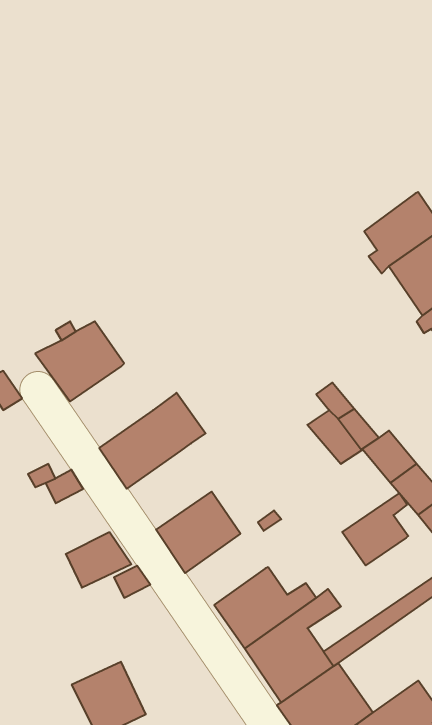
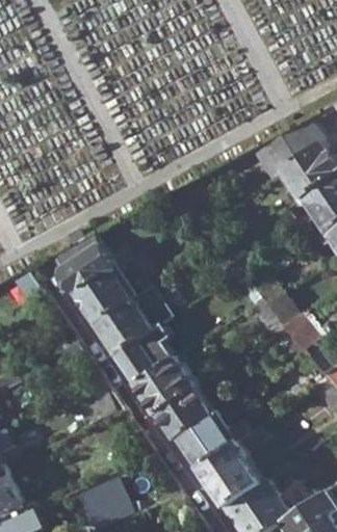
building: none -> [264,123,320,172]
building: none -> [74,269,133,327]
building: none -> [114,324,175,385]
building: [342,493,408,565] -> none
building: none -> [156,389,213,442]

